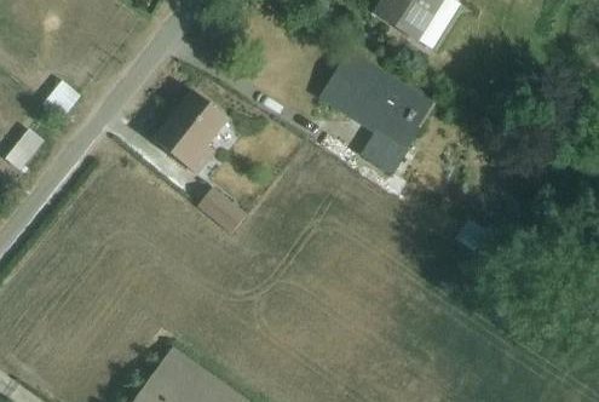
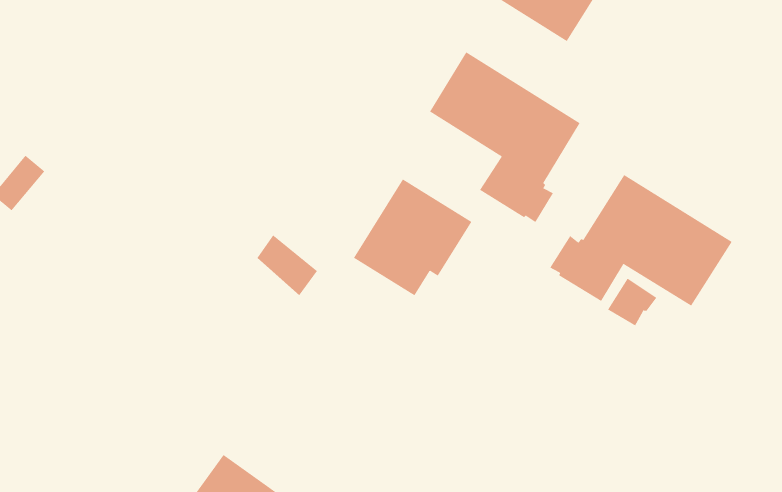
building: [150,88,227,174] -> none
building: none -> [550,174,732,307]
building: none -> [353,179,472,296]

